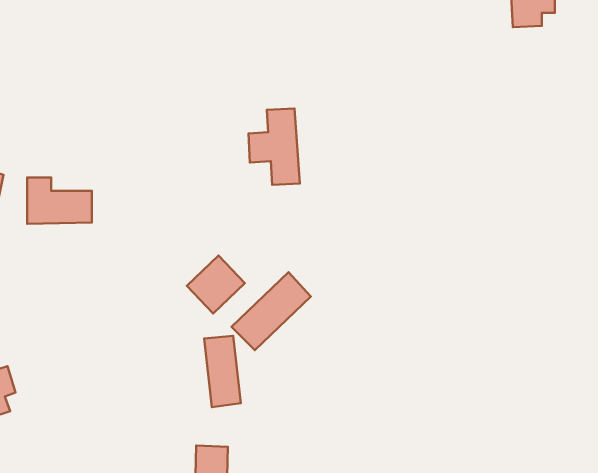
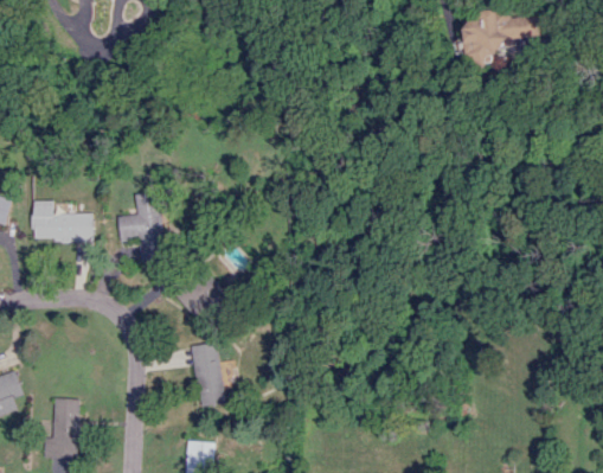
building: [248,108,300,185] -> [118,193,165,262]
building: [231,272,311,350] -> none
building: none -> [43,398,78,459]

